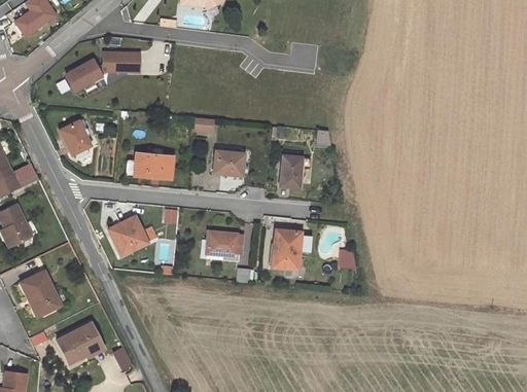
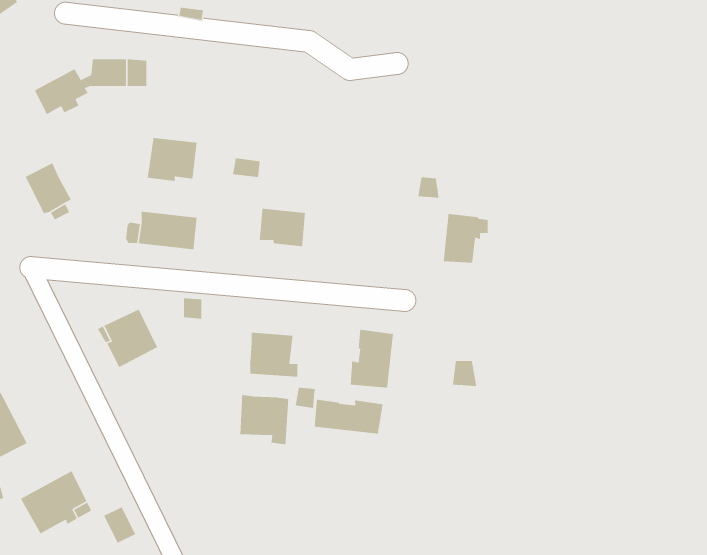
building: none -> [147,137,197,182]
building: [280,154,310,187] -> [443,213,489,264]
building: none -> [239,394,289,445]
building: none -> [314,399,384,435]

